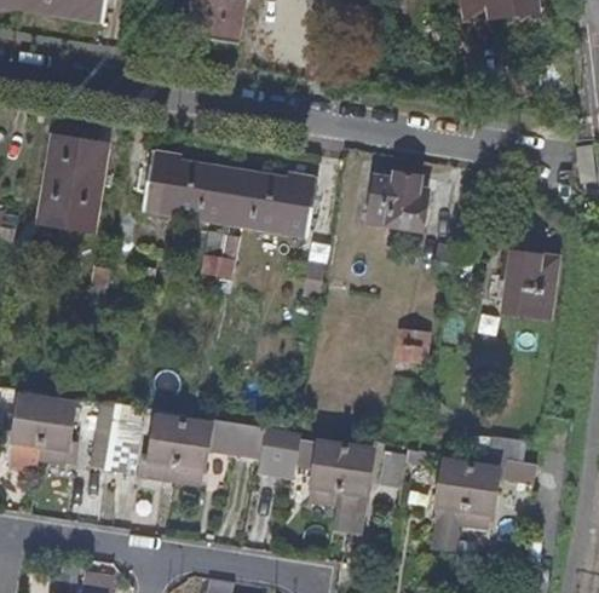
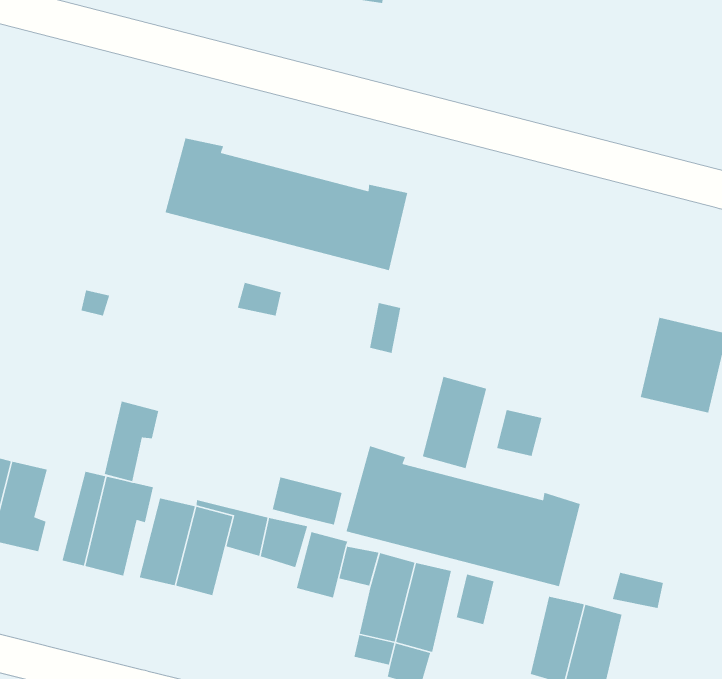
building: [40,139,110,234] -> none
building: [362,173,421,229] -> none
building: none -> [422,376,487,469]
building: none -> [104,400,159,482]
building: none -> [345,445,581,587]
building: none -> [272,477,343,526]

